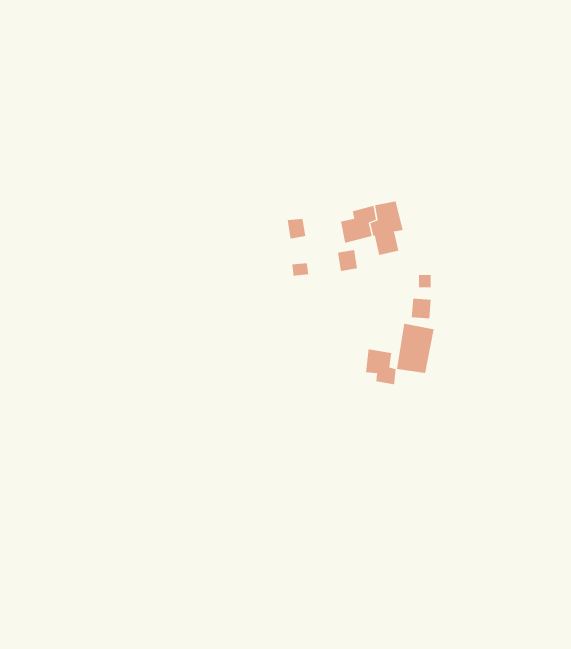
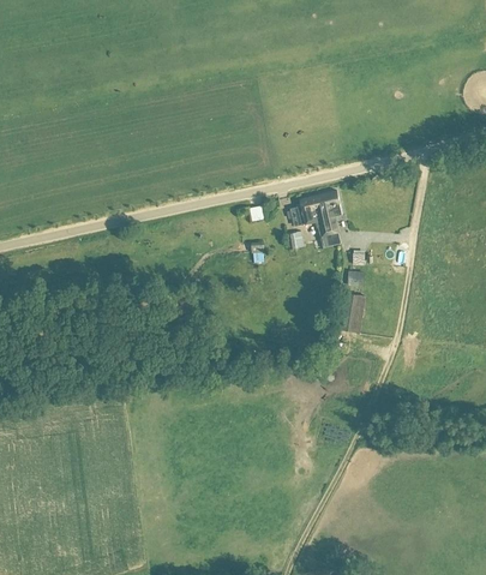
building: [365,349,396,385] -> none

